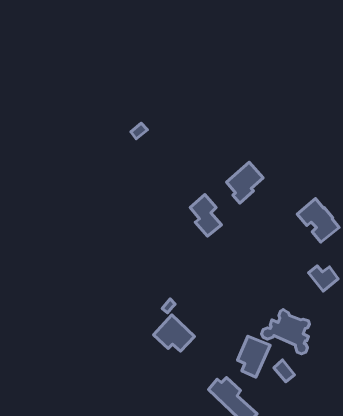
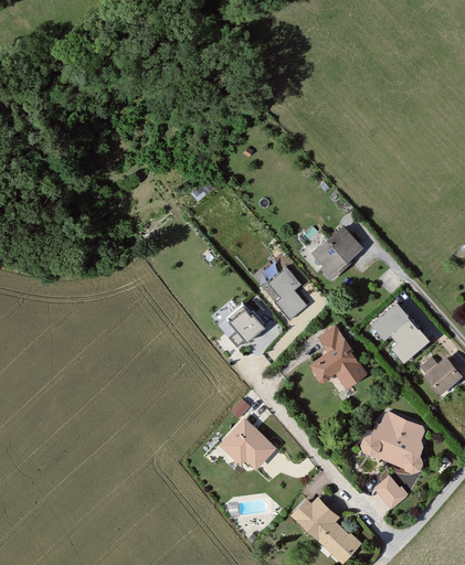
building: [297,199,339,242] -> [373,303,426,359]
building: none -> [224,305,262,349]
building: none -> [314,330,366,387]
building: [238,336,270,377] -> none

